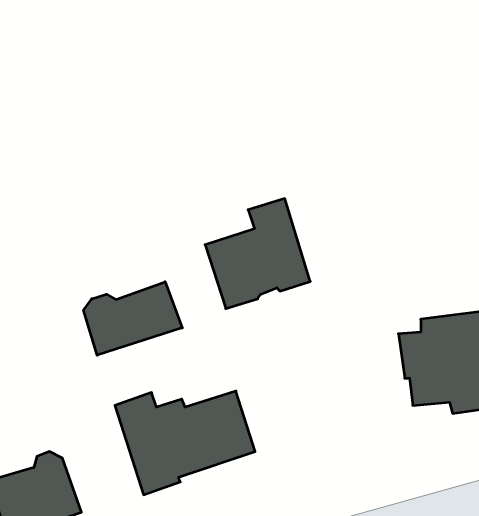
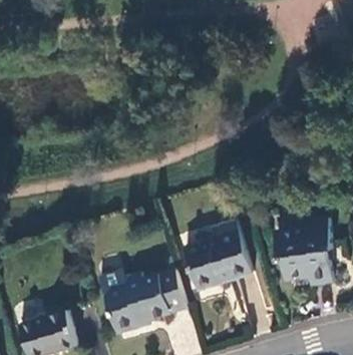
building: [205,199,310,309] -> [186,221,252,290]
building: [84,282,182,355] -> none

